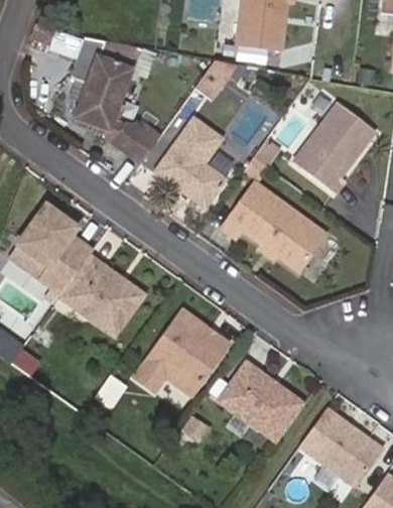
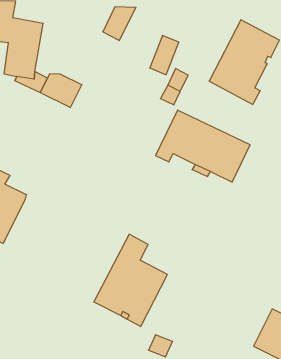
building: [150,114,223,207] -> none
building: [52,251,136,332] -> none
building: [218,363,303,443] -> none

